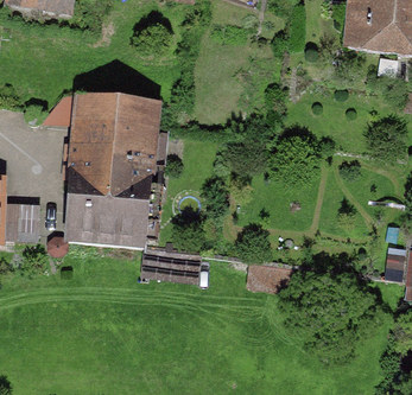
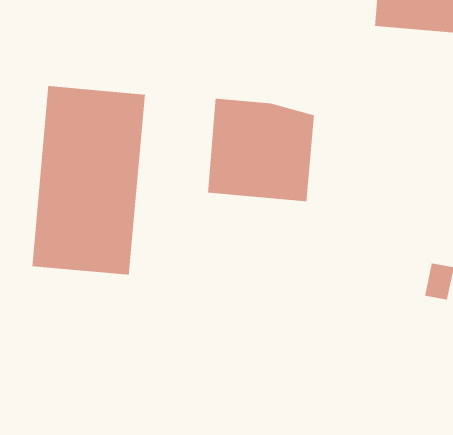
building: none -> [207,98,315,202]

